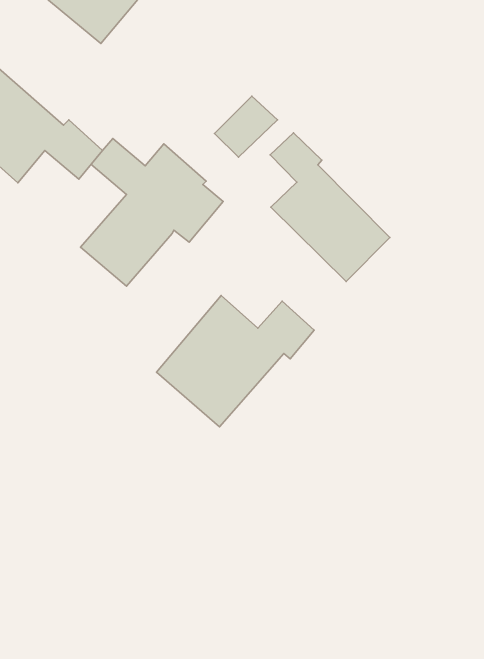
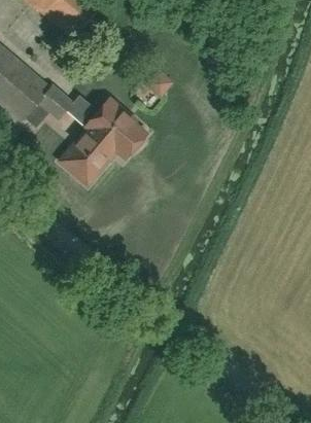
building: [270,133,390,281] -> none
building: [157,296,314,427] -> none

